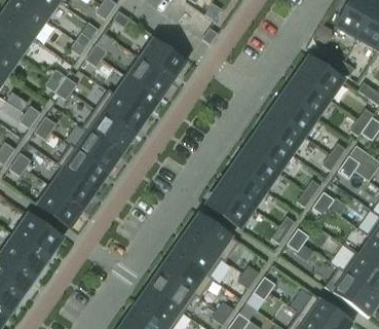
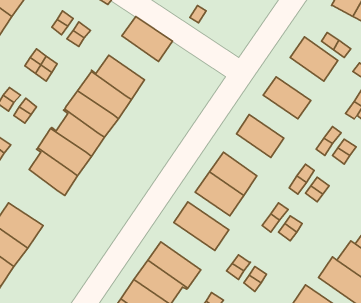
building: [124,56,172,98] -> none
building: [283,76,329,117] -> none
building: [258,112,304,153] -> none
building: [233,149,278,189] -> none
building: [34,183,82,226] -> none
building: [174,233,225,279] -> none

